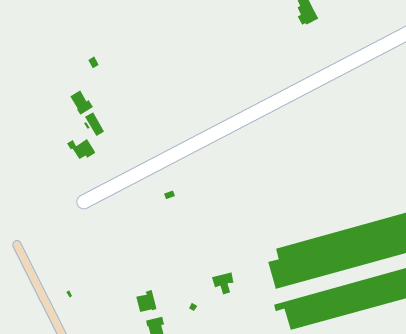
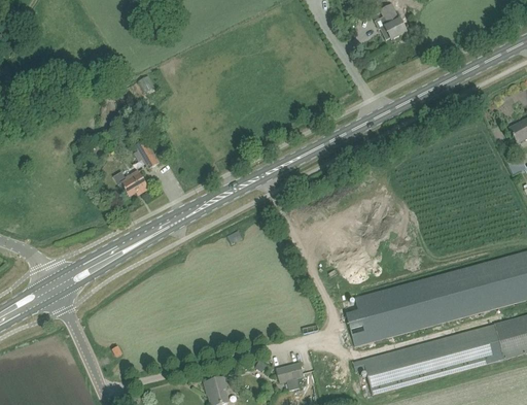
building: [69,89,94,116] -> none
building: [211,271,235,295] -> [276,362,304,390]
building: [135,289,157,313] -> none

